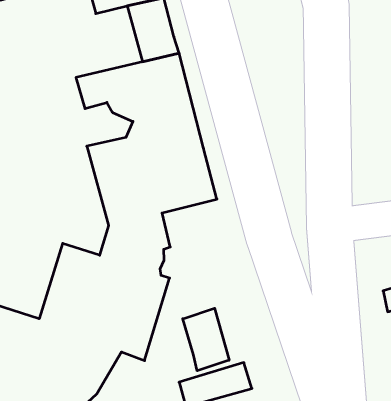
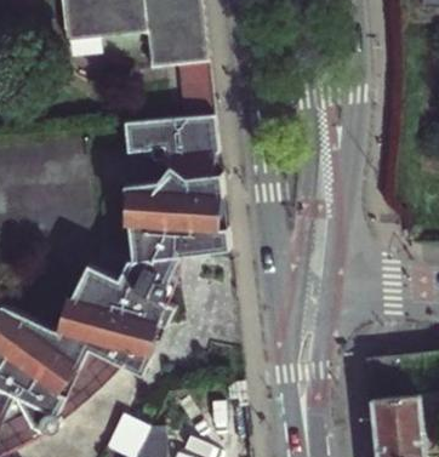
building: [183,308,229,371] -> none

